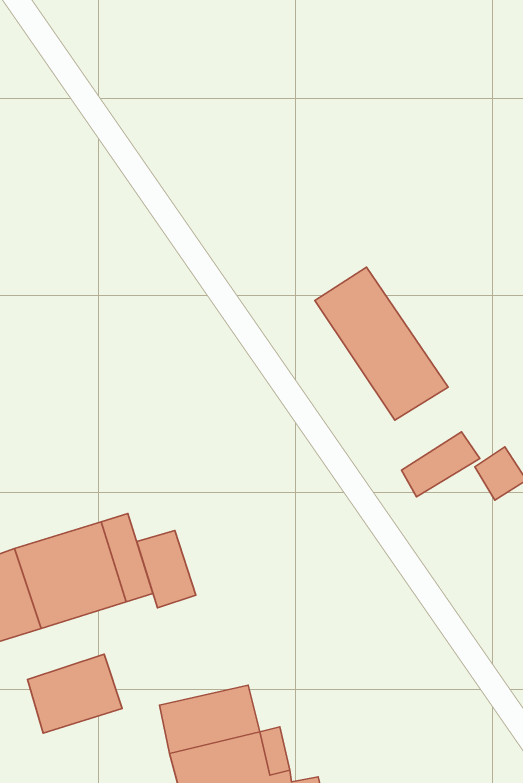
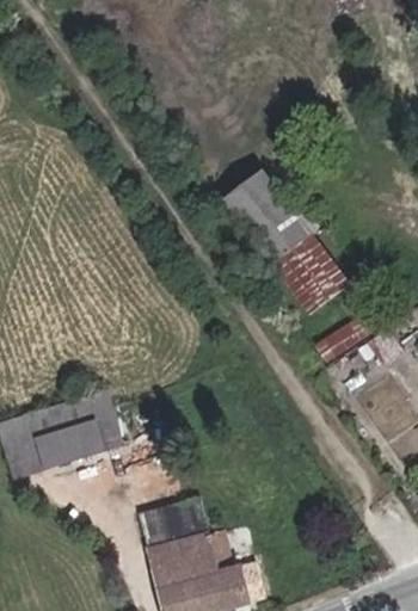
building: none -> [227,173,284,228]
building: [137,531,196,608] -> none
building: [27,654,122,733] -> none

